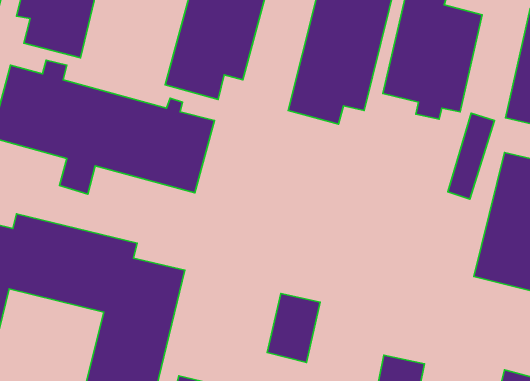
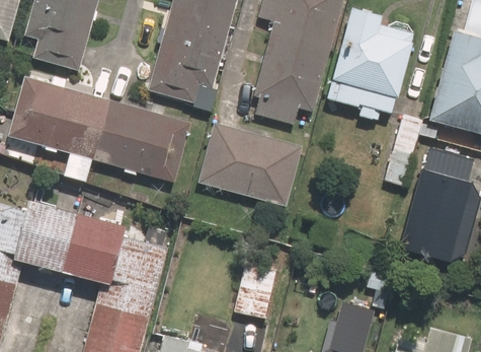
building: none -> [195,123,301,206]

